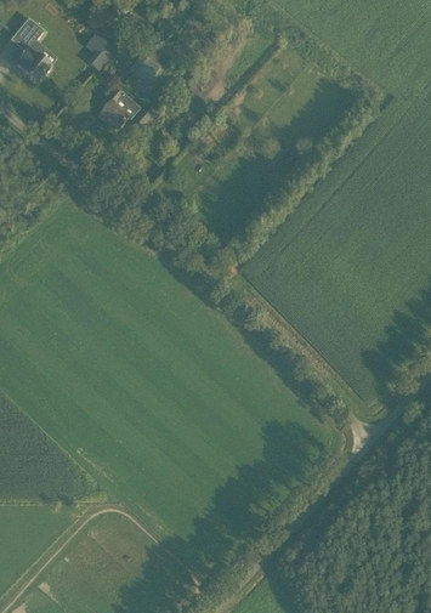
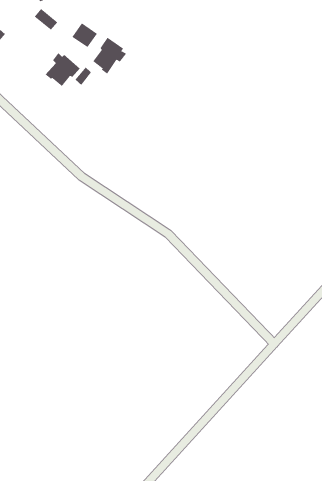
building: none -> [92,37,127,74]

